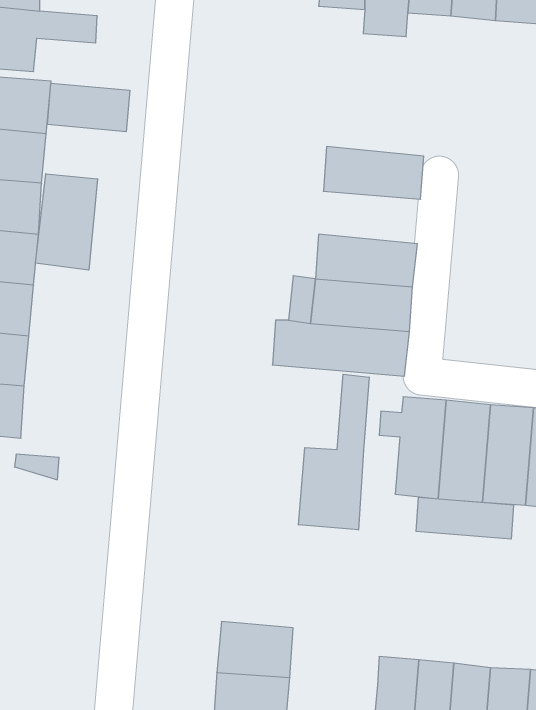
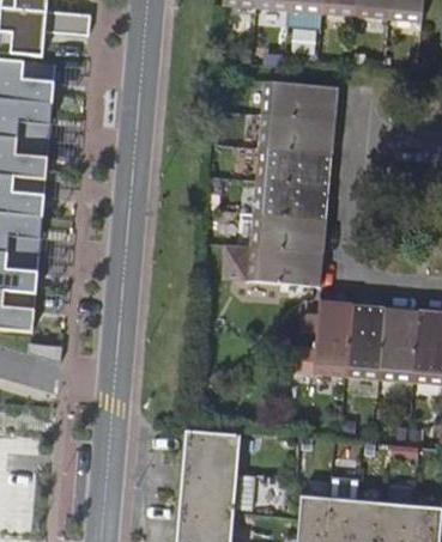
building: [47,83,130,132] -> none
building: none -> [262,79,339,118]
building: [36,174,97,270] -> none
building: none -> [256,145,333,184]
building: [299,374,369,530] -> none
building: [416,497,513,539] -> none
building: none -> [183,428,241,473]

